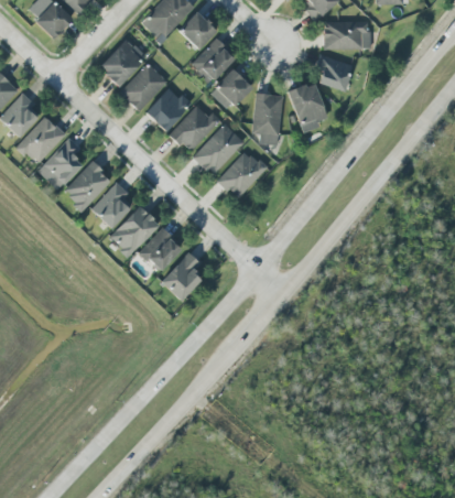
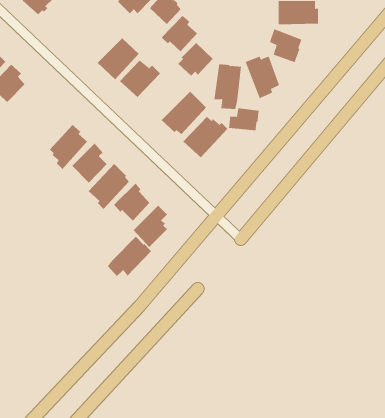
building: [101,39,148,87] -> none
building: [170,106,221,150] -> none
building: [15,116,66,162] -> none
building: [39,138,82,190] -> none
building: none -> [228,107,259,131]
building: none -> [107,236,152,277]

